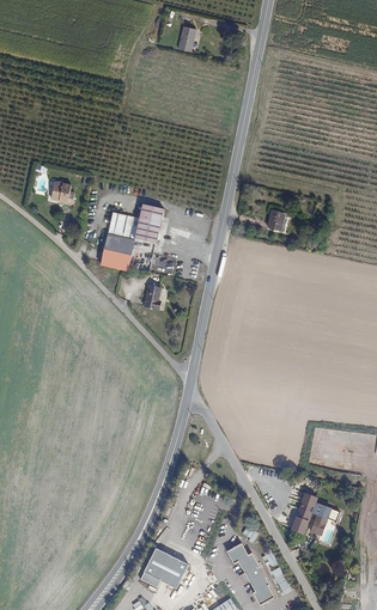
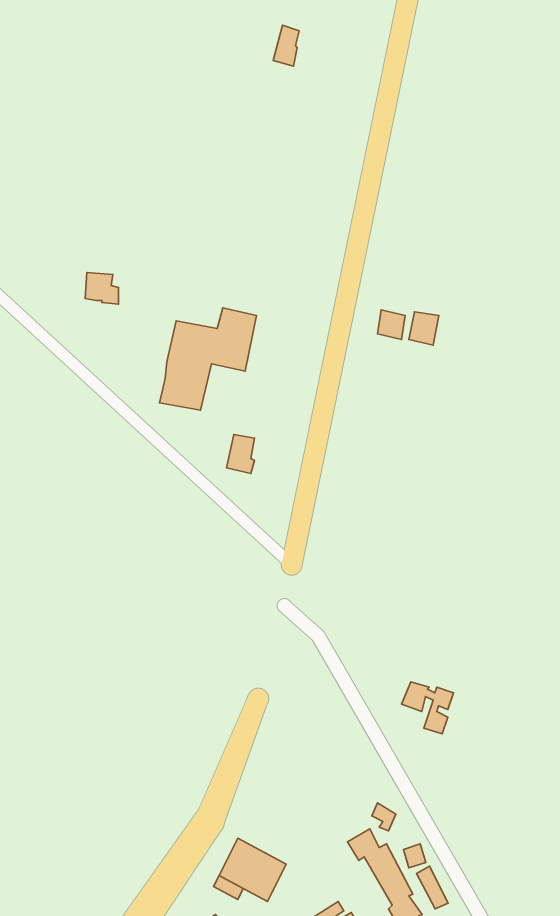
building: [292,499,326,532] -> [401,682,453,734]

